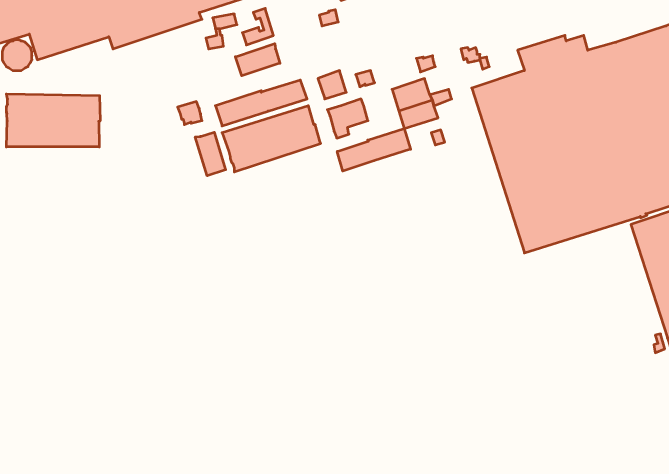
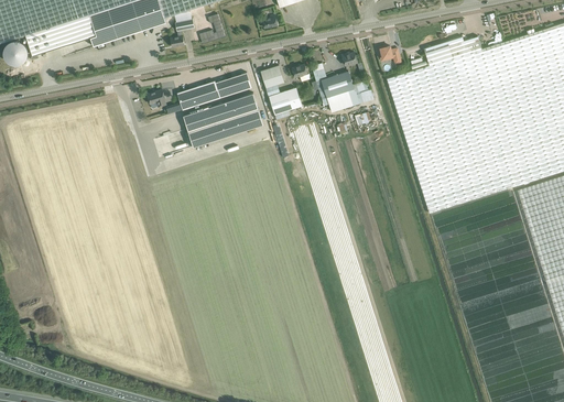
building: [235,44,280,76] -> none
building: [6,94,100,147] -> none
building: [337,129,411,171] -> none
building: [195,132,226,176] -> none

